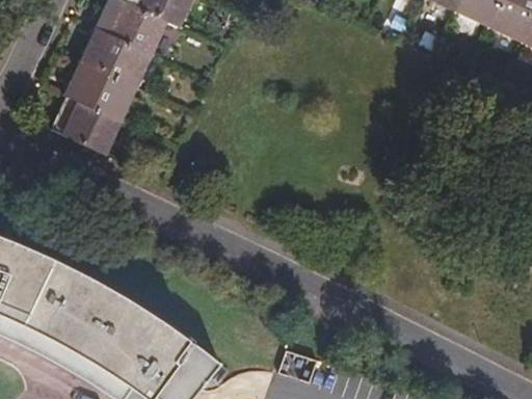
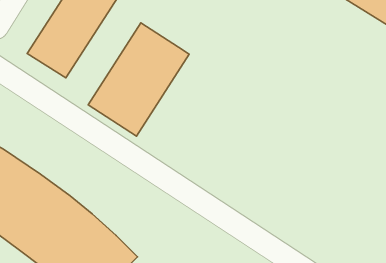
building: none -> [88,23,189,136]

